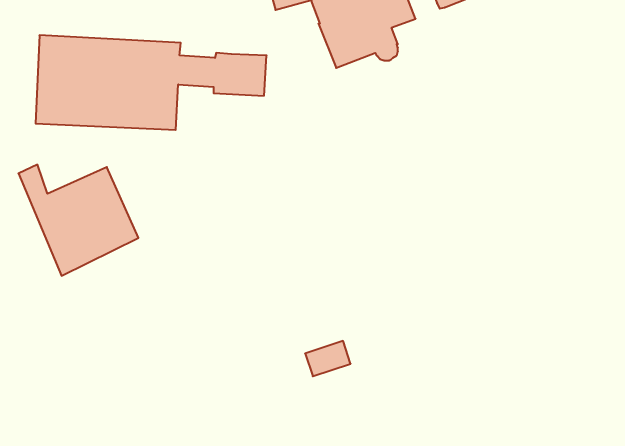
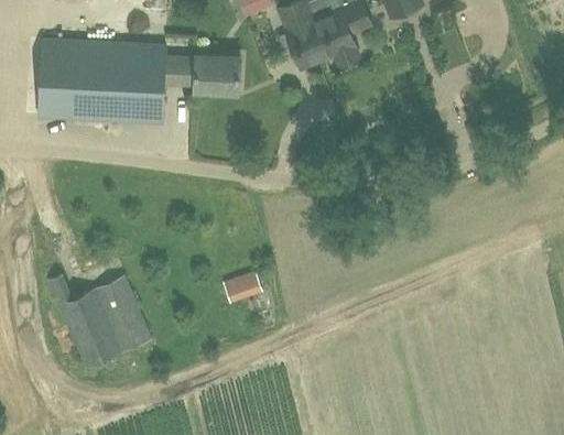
building: [18,165,138,276] -> [46,272,151,369]
building: [305,341,351,376] -> [221,271,261,302]

